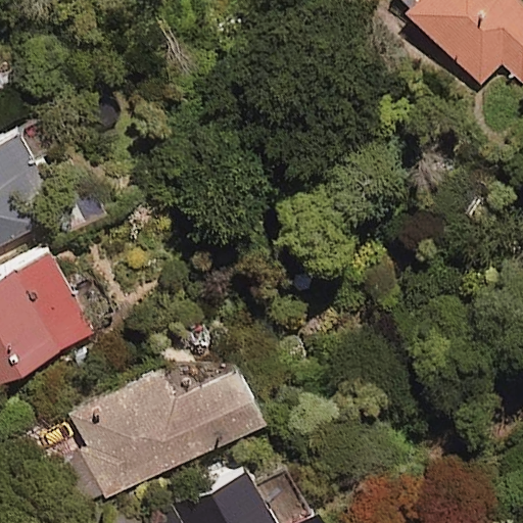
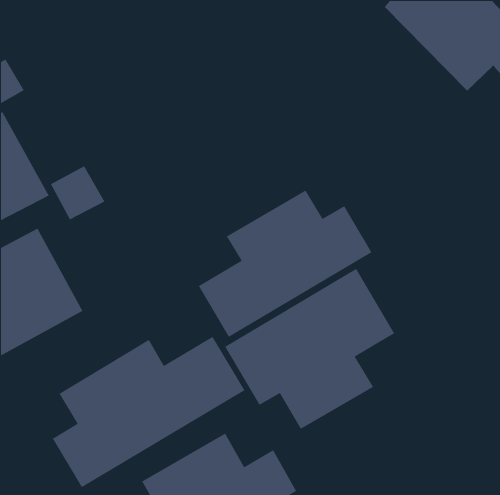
building: none -> [198,190,373,338]
building: none -> [224,268,395,430]

